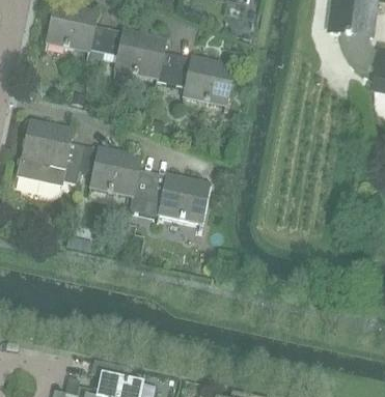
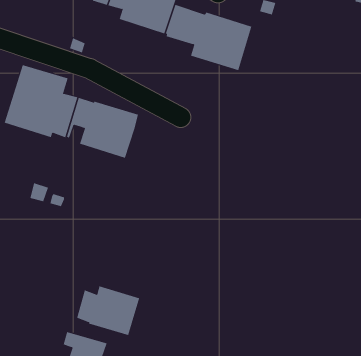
building: [130,168,211,224] -> none
building: none -> [76,285,140,336]

